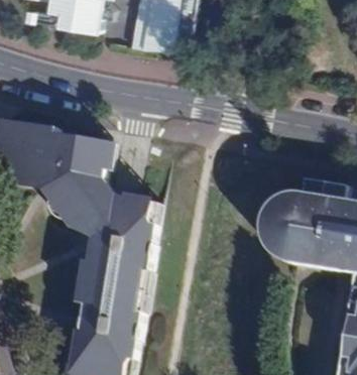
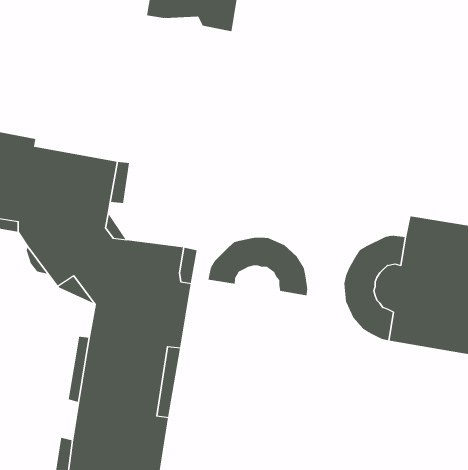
building: none -> [208,237,308,296]

